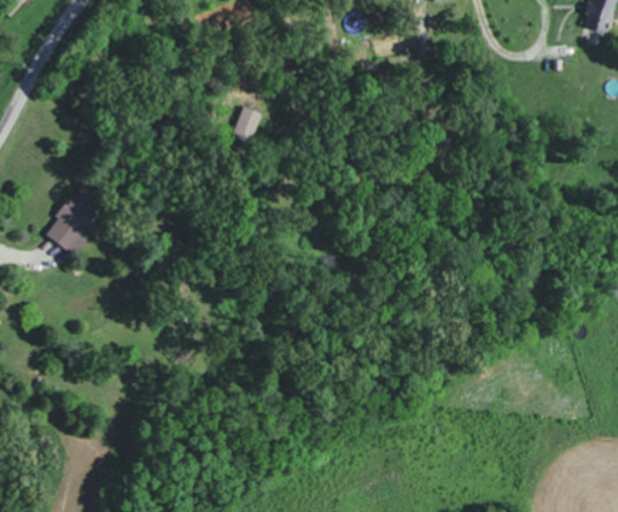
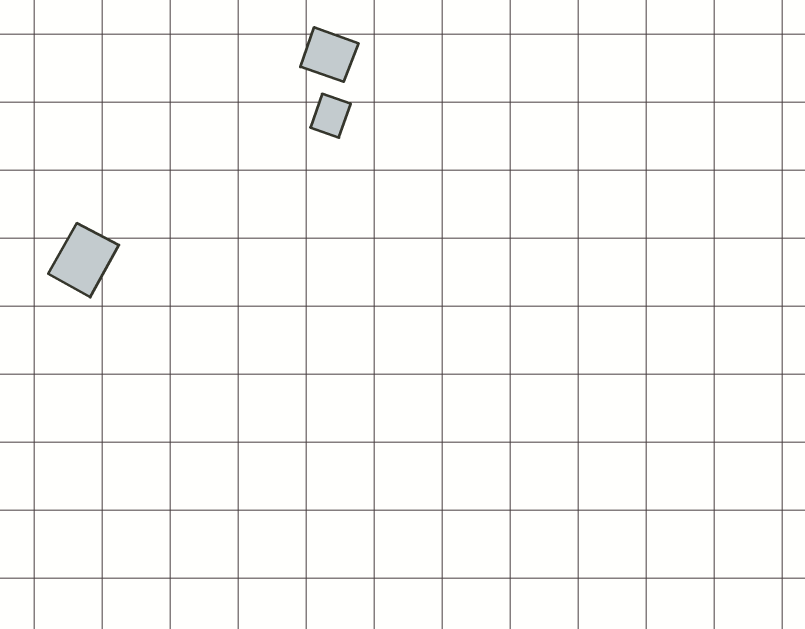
building: none -> [300,27,358,82]

